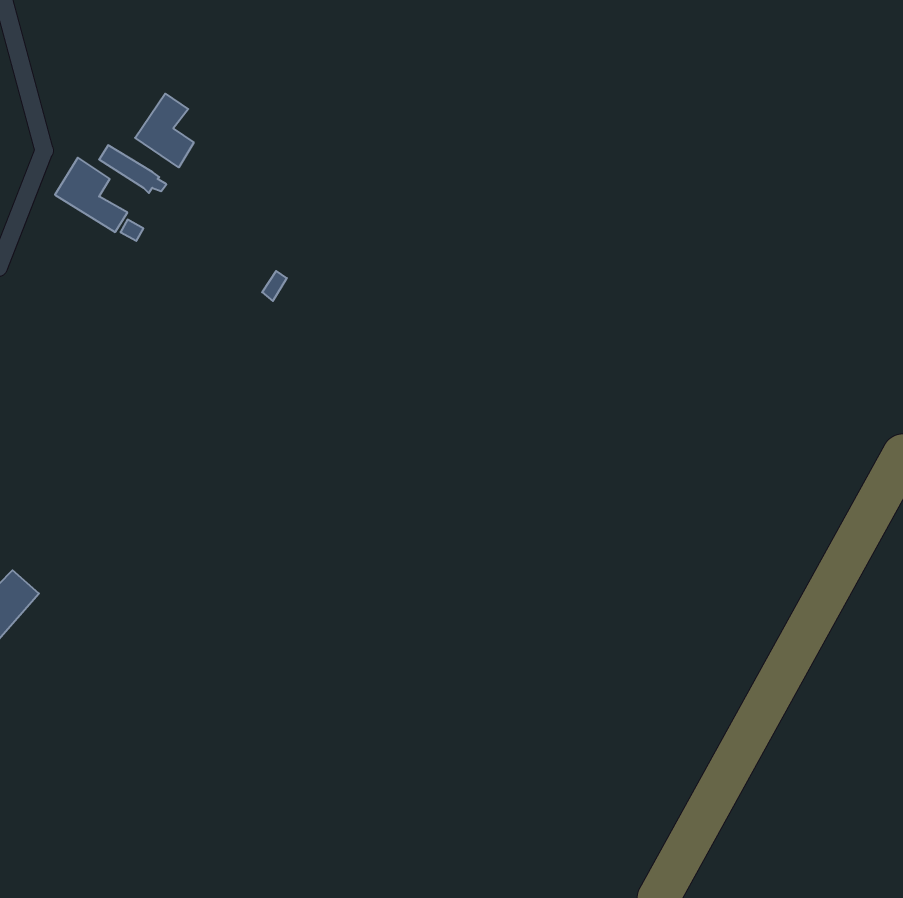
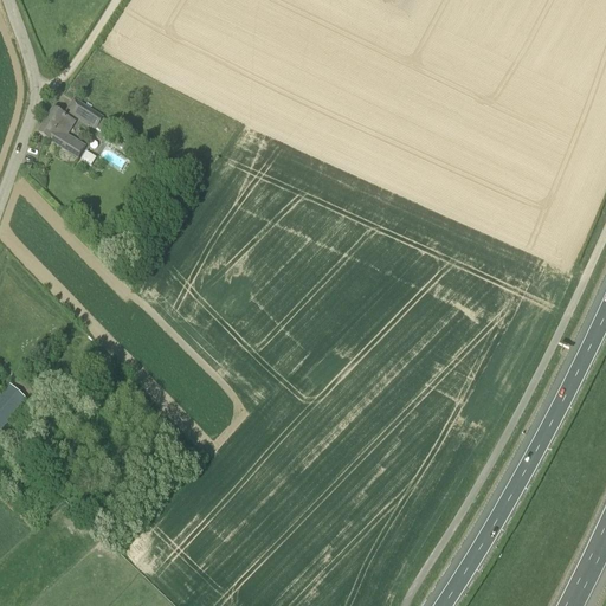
building: [135,94,194,167] -> none

